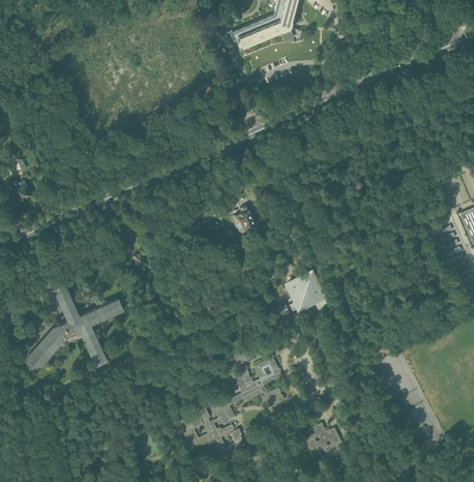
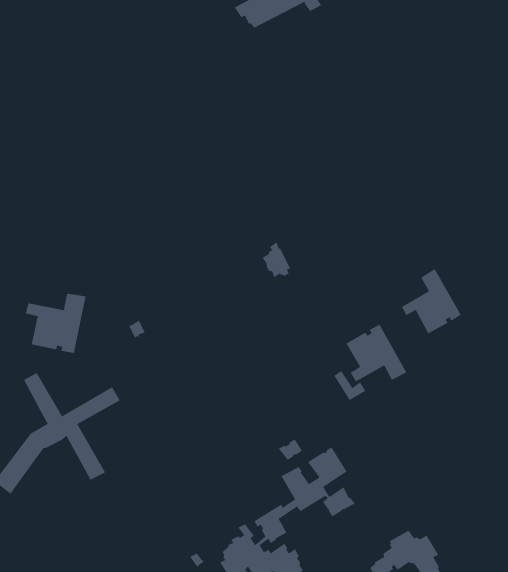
building: none -> [25,293,86,354]
building: none -> [401,268,462,334]

